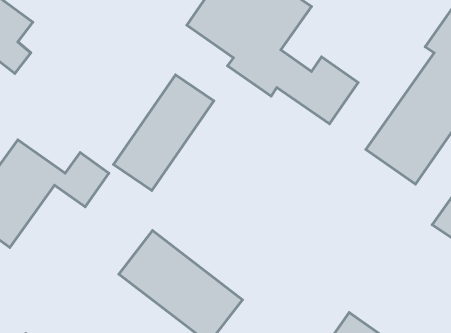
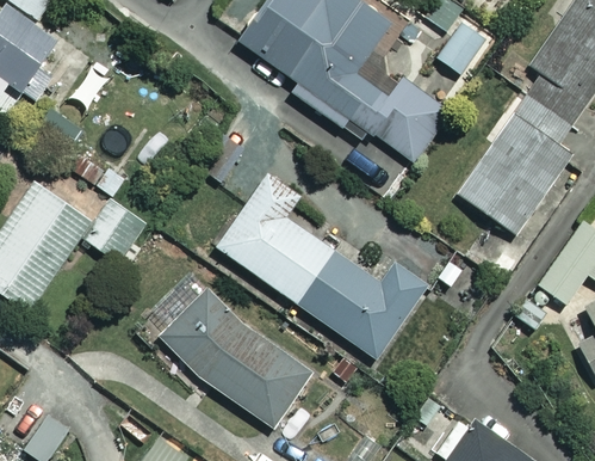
building: [114,75,214,191] -> none
building: none -> [215,173,426,357]

